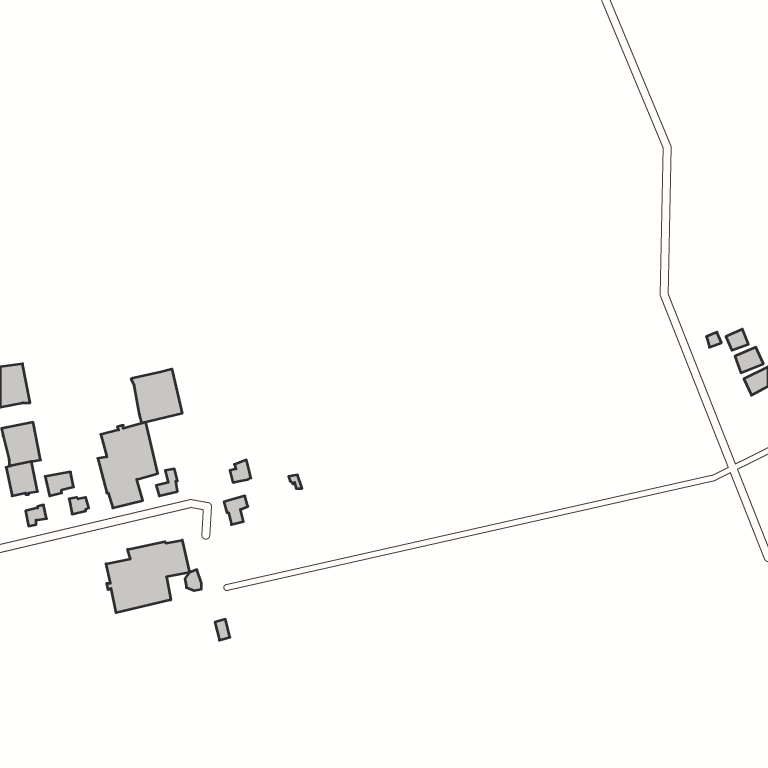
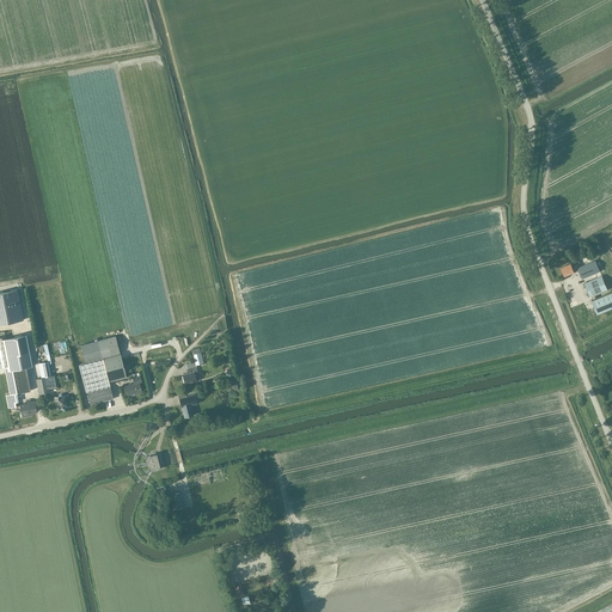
building: [131,369,182,423] -> none
building: [106,540,189,613] -> none

